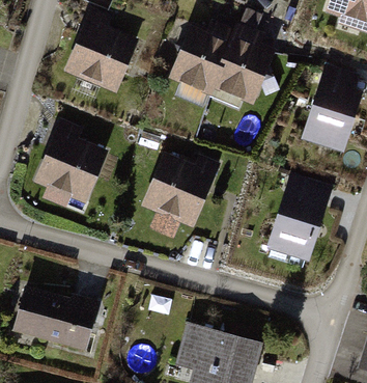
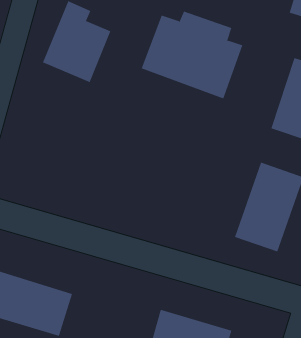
building: [35,115,106,199] -> none
building: [141,149,226,230] -> none

